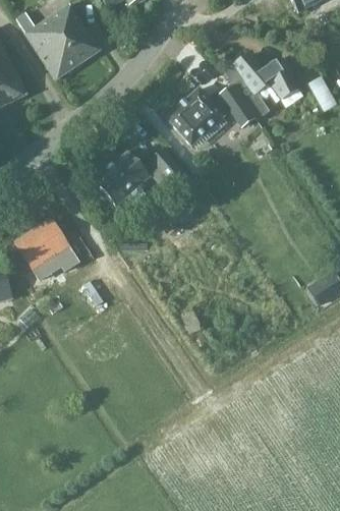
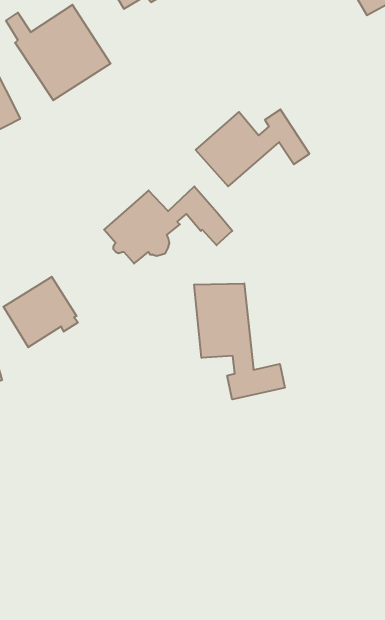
building: [224,54,301,120] -> none
building: none -> [194,283,285,399]

